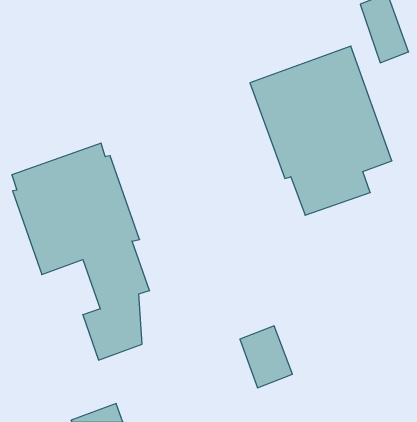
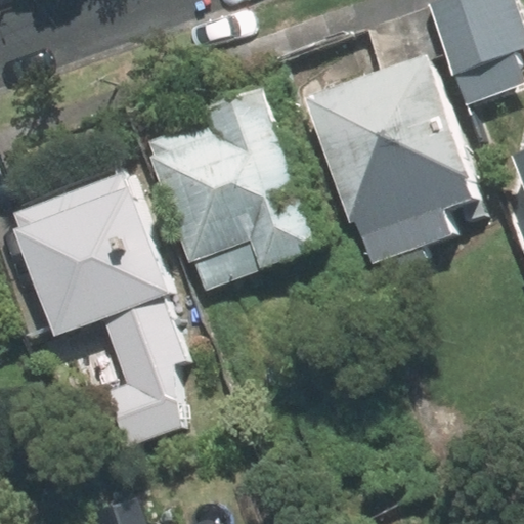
building: none -> [145,90,323,283]

